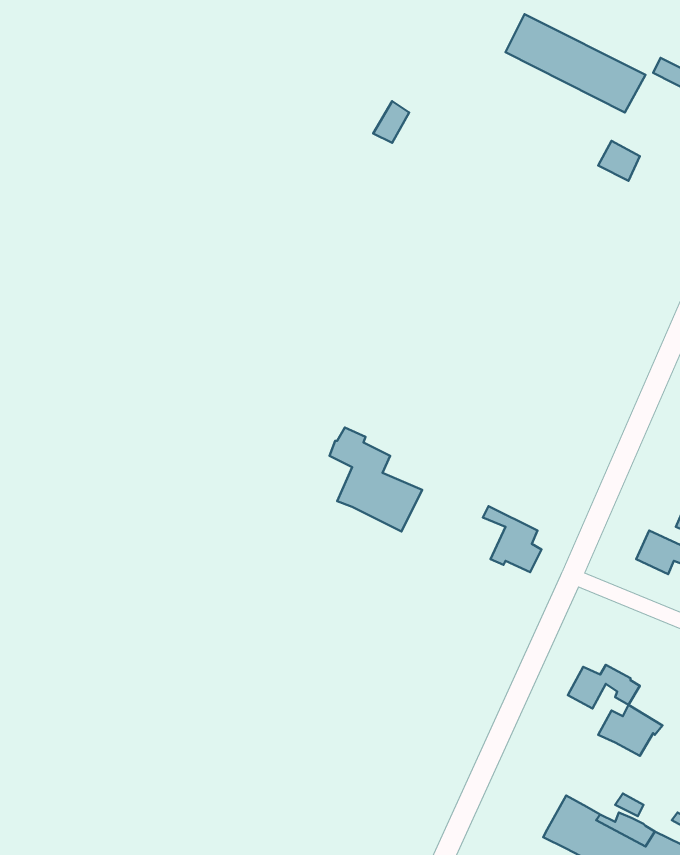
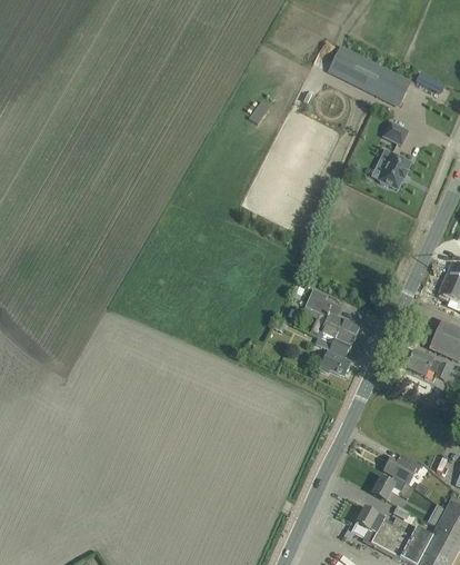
building: none -> [378,149,410,188]
building: [330,428,422,532] -> [304,289,359,350]
building: [568,665,640,708] -> [370,475,412,500]

